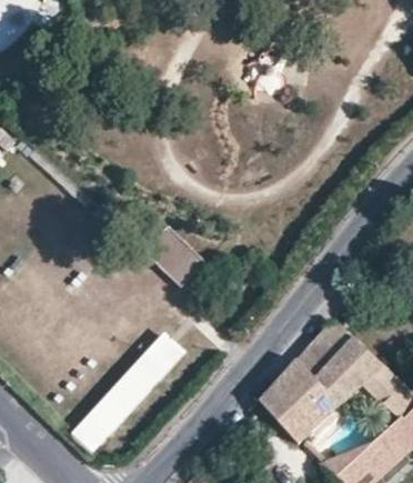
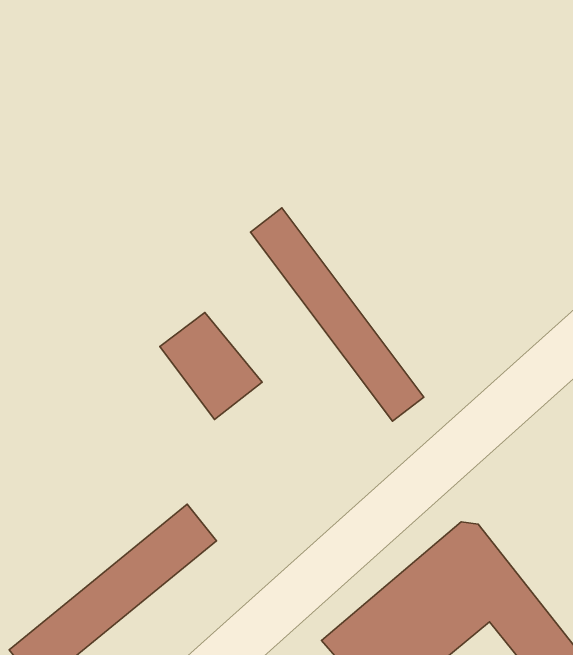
building: none -> [251,208,424,421]

